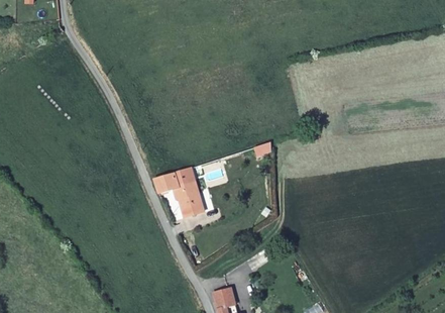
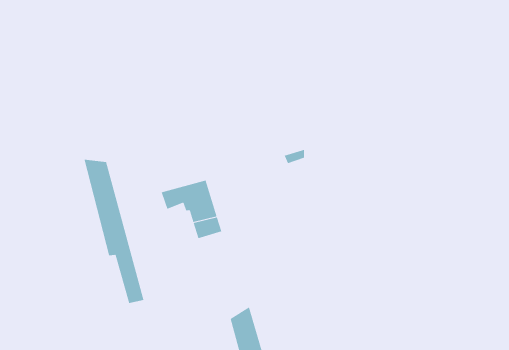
building: none -> [84,159,144,304]

